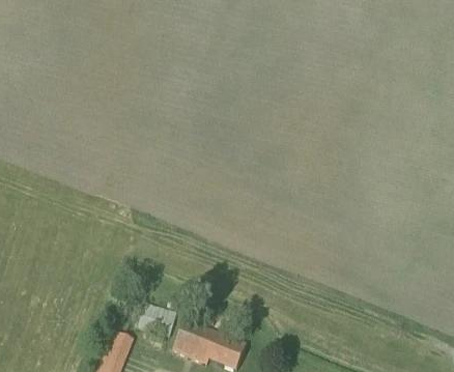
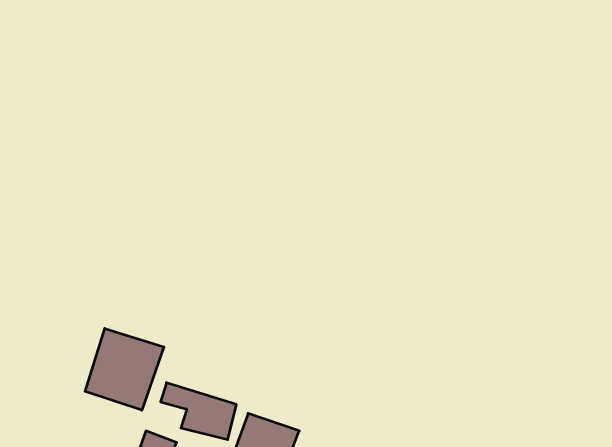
building: none -> [85,328,164,410]

